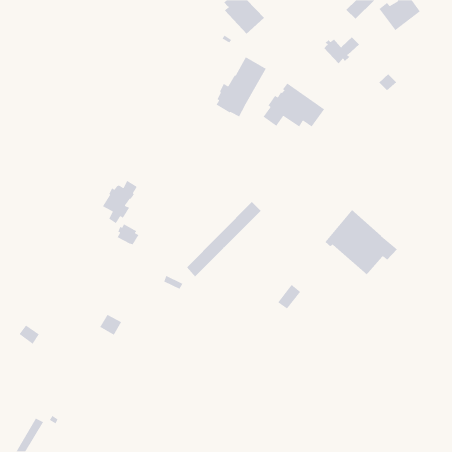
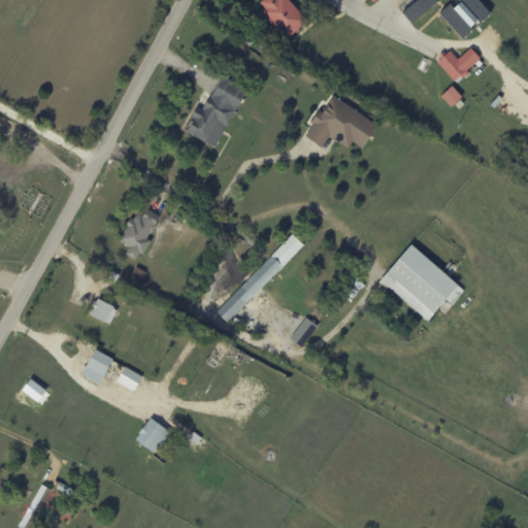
building: [323,37,360,64] -> [438,50,481,81]
building: [216,56,267,117] -> [188,75,248,146]
building: [116,223,139,245] -> [90,298,117,324]
building: [277,284,301,310] -> [290,318,318,348]
building: none -> [80,350,111,384]
building: none -> [135,418,169,454]

